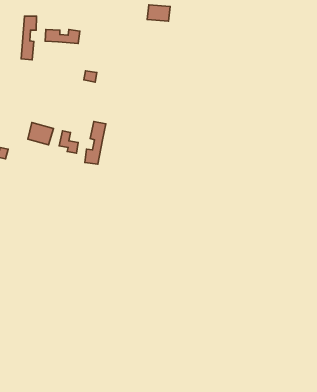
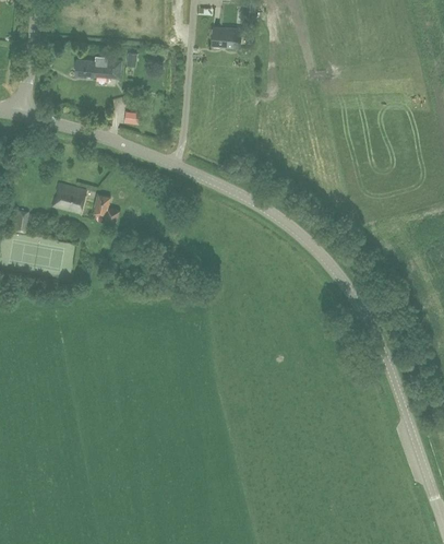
building: [21,16,36,60] -> none
building: [85,121,106,164] -> none

